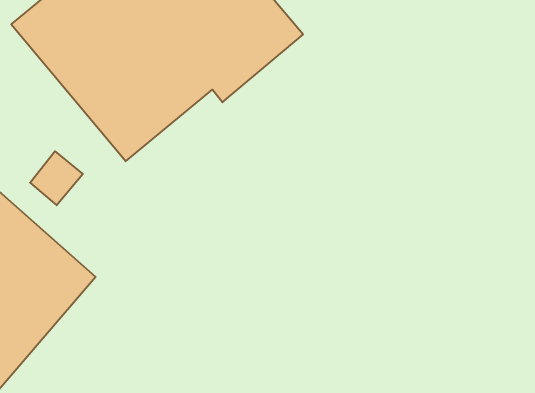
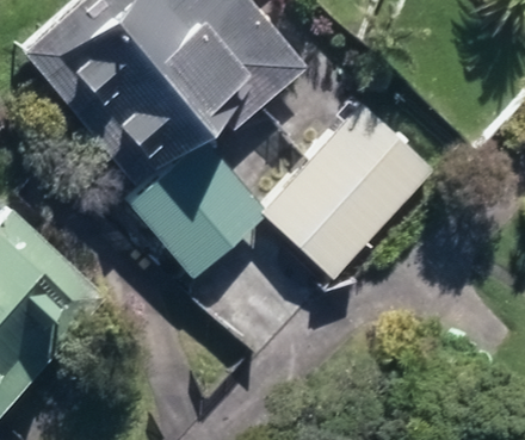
building: none -> [268,106,433,273]
building: none -> [128,142,258,272]

